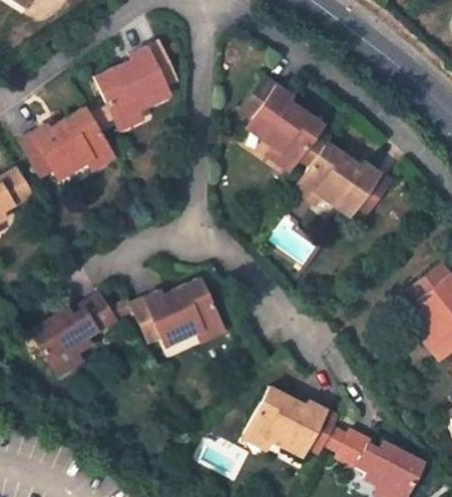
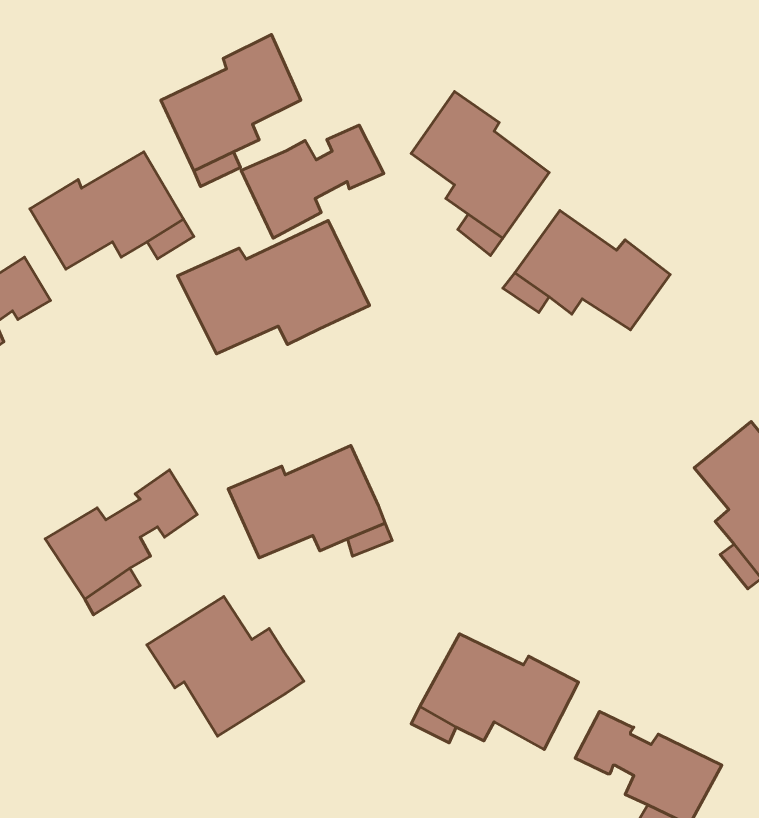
building: none -> [241,125,384,238]
building: none -> [177,220,369,354]
building: none -> [147,596,304,736]

